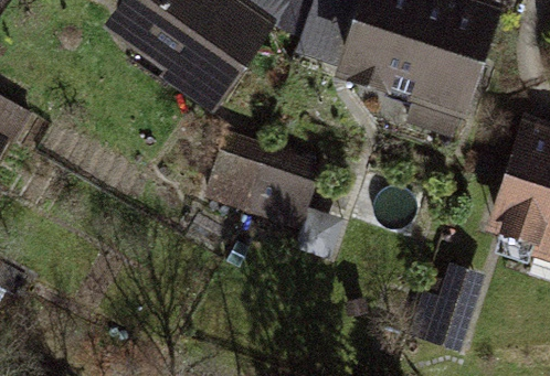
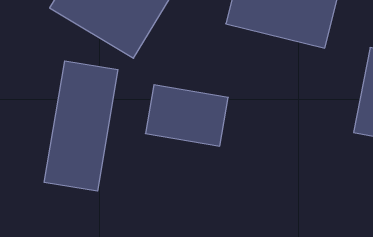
building: none -> [44,61,118,191]

